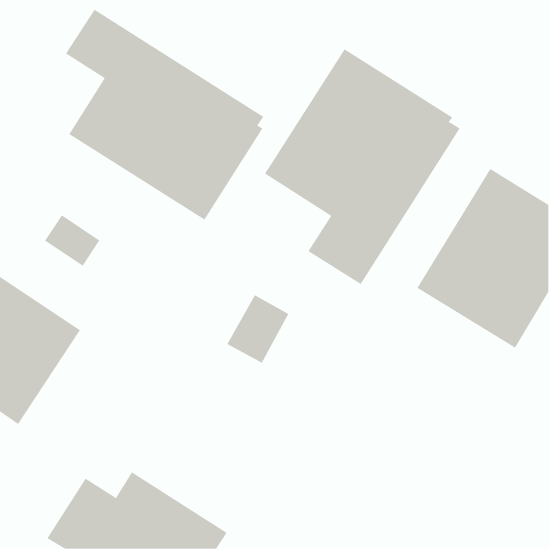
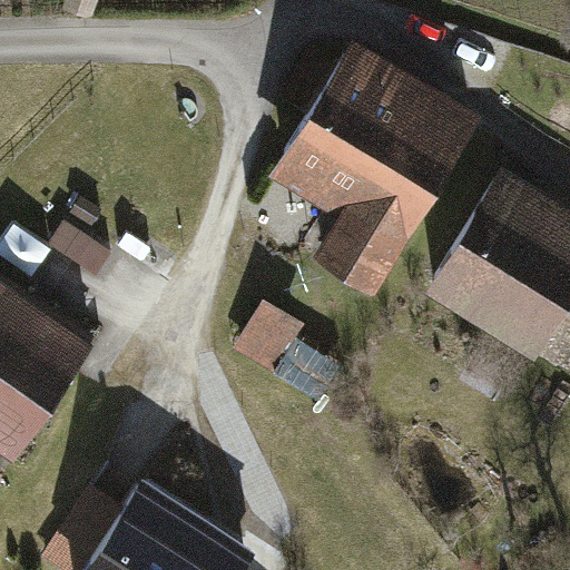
building: [65,9,264,221] -> none

